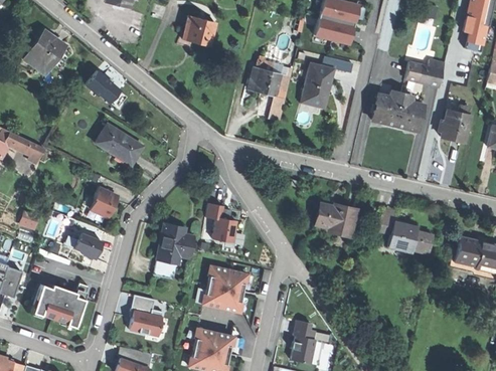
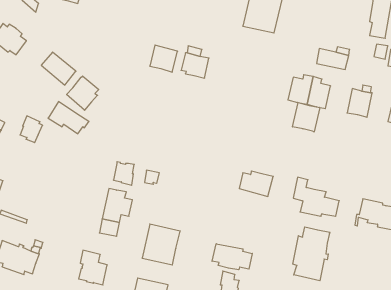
building: [182,17,214,48] -> [150,45,178,72]
building: [300,62,334,109] -> none
building: none -> [67,76,99,110]
building: none -> [293,103,320,132]
building: [91,187,117,218] -> [20,116,43,143]
building: [212,217,236,244] -> [113,162,134,185]
building: [73,233,102,258] -> none
building: none -> [293,227,330,281]
building: none -> [212,244,252,270]

